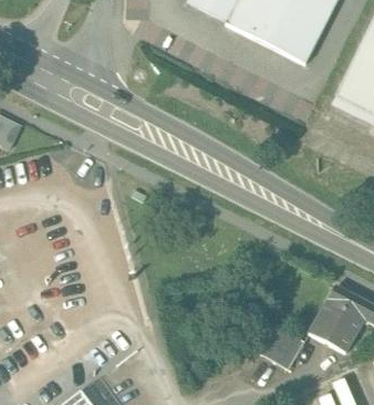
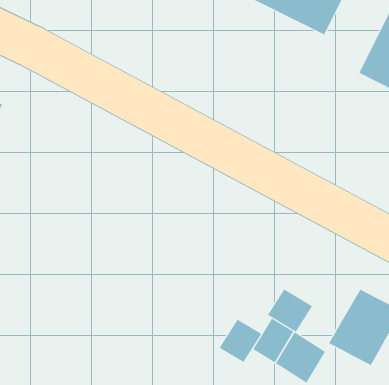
building: none -> [267,289,313,332]
building: none -> [219,319,262,363]

